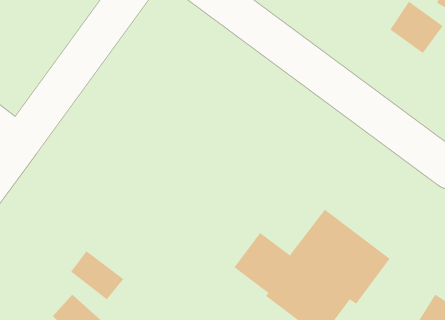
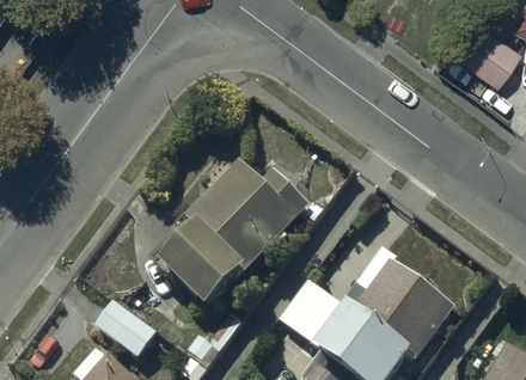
building: none -> [161,161,307,308]

